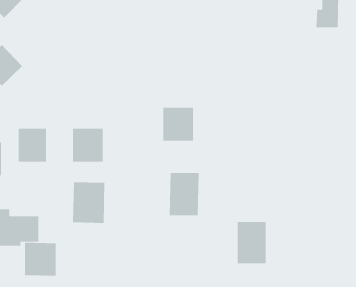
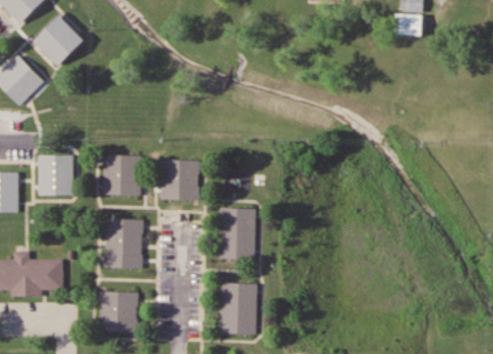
building: none -> [34,14,84,66]
building: [162,107,194,141] -> [161,159,198,200]
building: [237,221,267,264] -> [221,283,256,334]
building: [24,242,56,276] -> [99,291,137,332]

